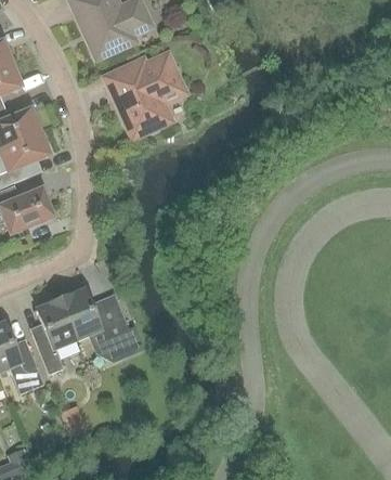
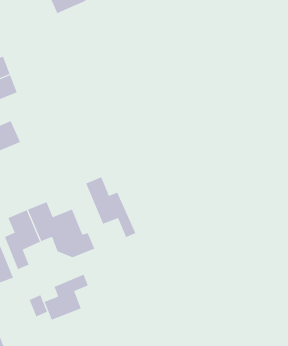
building: [106,57,180,135] -> none
building: none -> [86,176,136,238]
building: none -> [43,274,89,320]

